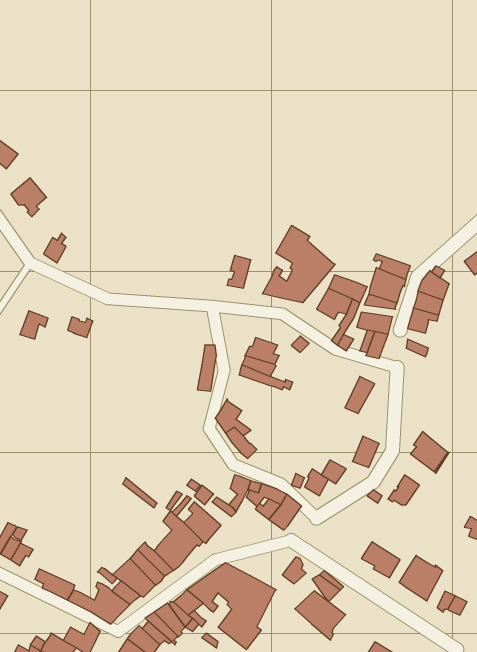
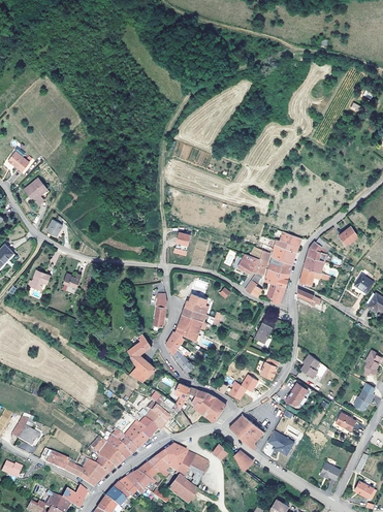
building: [262,225,335,303] -> none
building: none -> [174,314,204,341]
building: none -> [127,333,155,382]
building: [399,555,443,601] -> none
building: [295,591,346,640] -> [228,415,263,449]

